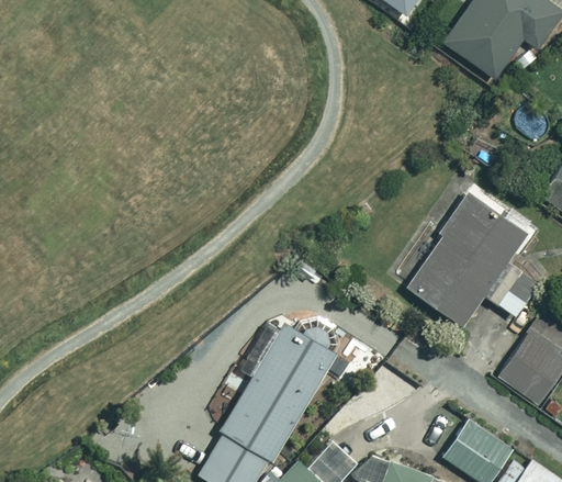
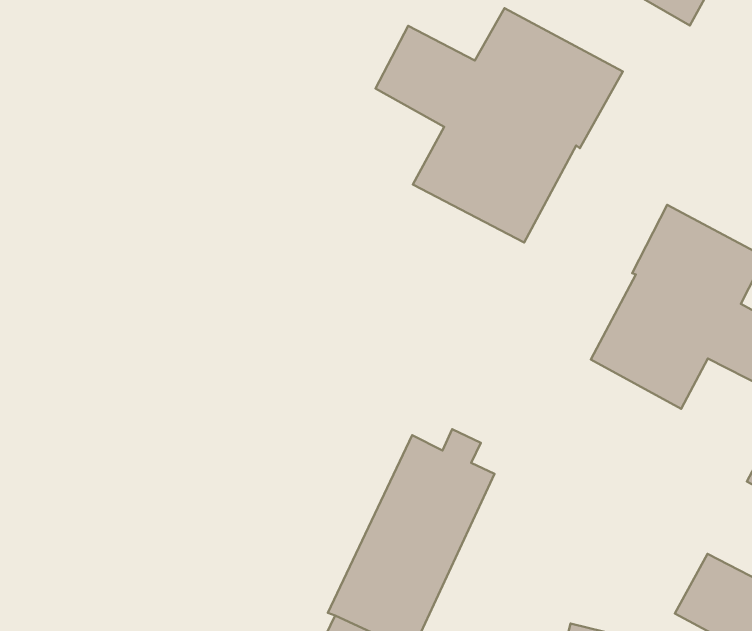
building: none -> [375,8,623,242]

